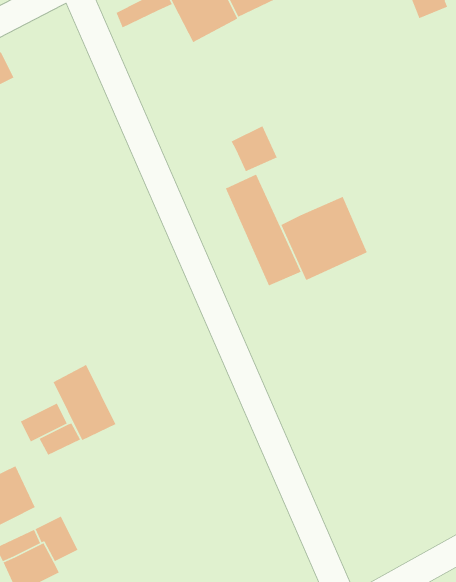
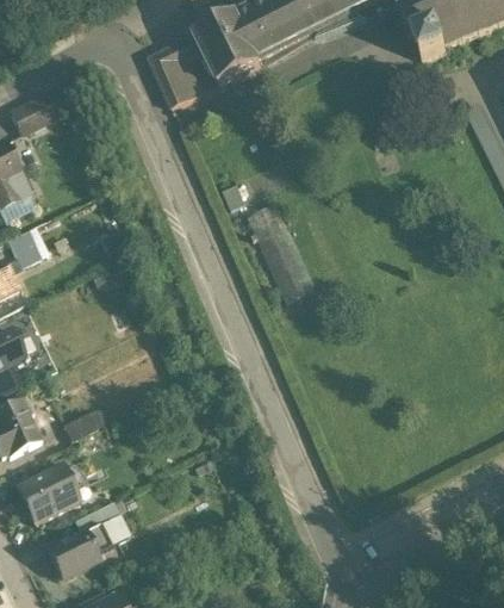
building: none -> [156,54,204,105]
building: [231,125,278,172] -> none
building: [280,196,368,280] -> none
building: [53,364,117,441] -> none

